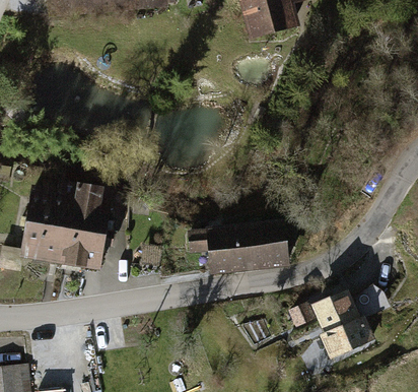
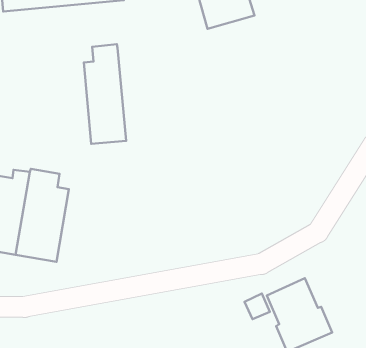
building: none -> [84,44,126,144]
building: [203,214,294,273] -> none

